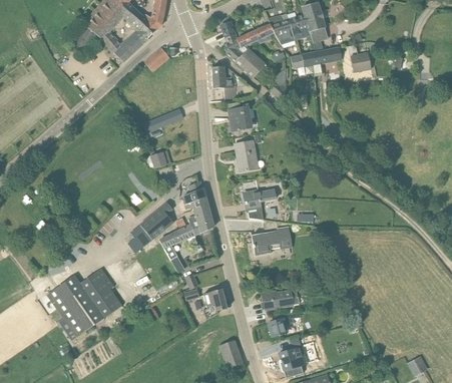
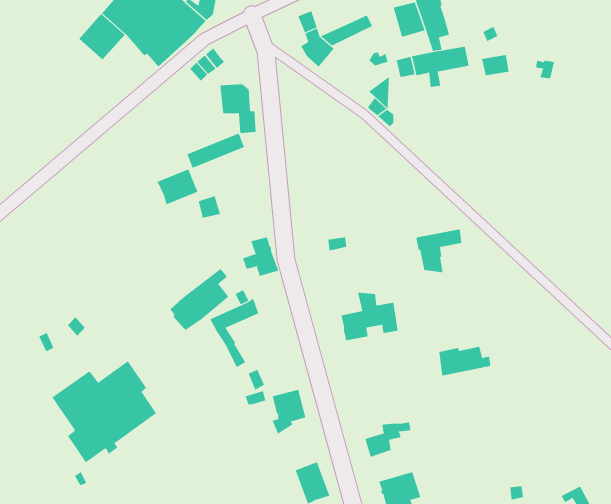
building: [270,19,294,44] -> none
building: [236,48,265,76] -> none
building: [210,66,237,101] -> [220,84,257,134]
building: [228,105,252,130] -> none
building: none -> [157,169,198,205]
building: [234,139,259,170] -> none
building: [243,188,276,220] -> [415,229,462,273]
building: [184,202,213,235] -> none
building: [262,289,299,310] -> [439,346,491,376]

